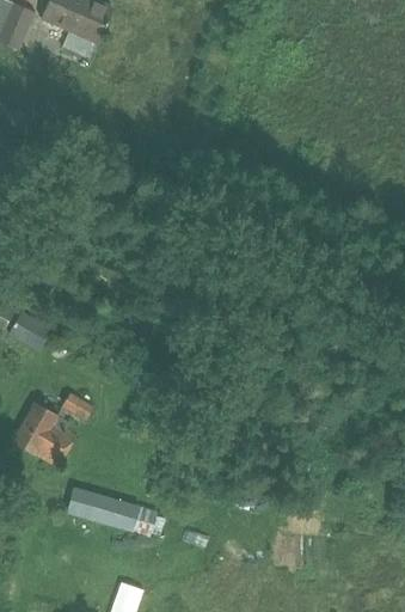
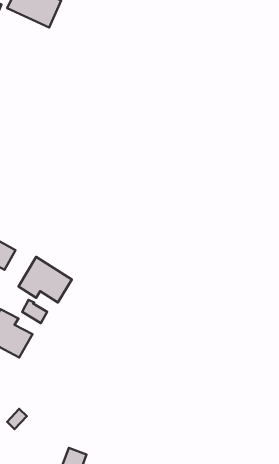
building: none -> [18,257,72,303]
building: [67,489,157,534] -> none

